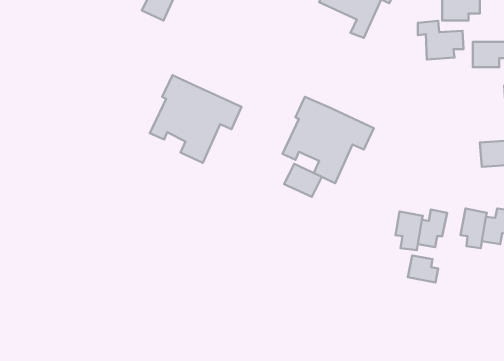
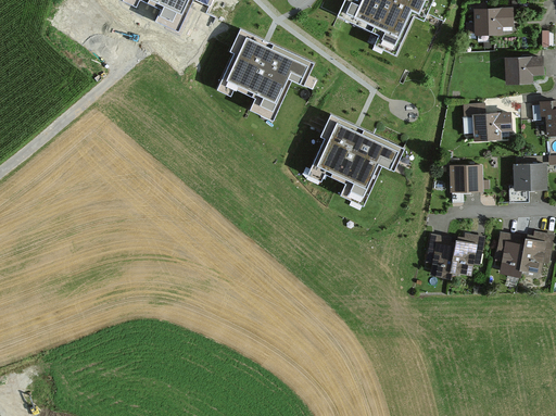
building: [418,21,464,59] -> [460,102,509,143]
building: [150,75,242,163] -> [214,27,312,121]
building: none -> [453,163,484,190]
building: [284,164,322,197] -> none
building: [408,255,438,283] -> none

